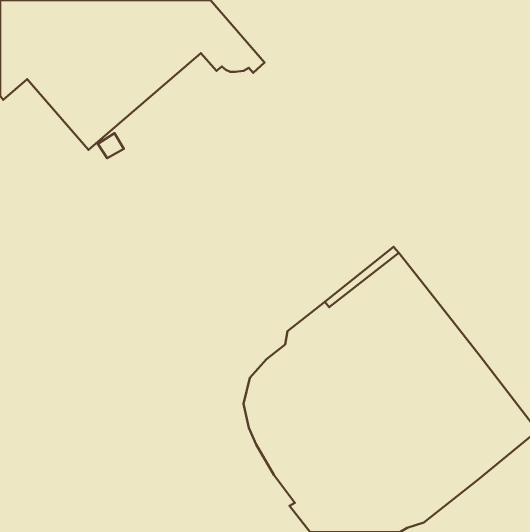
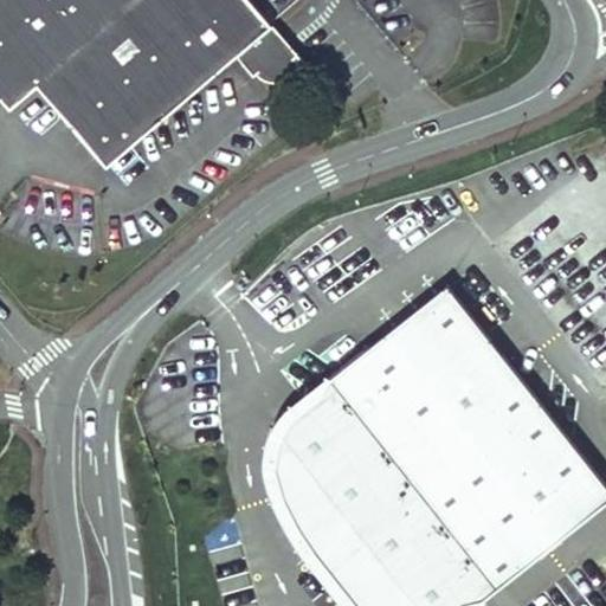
building: none -> [265,376,337,575]

